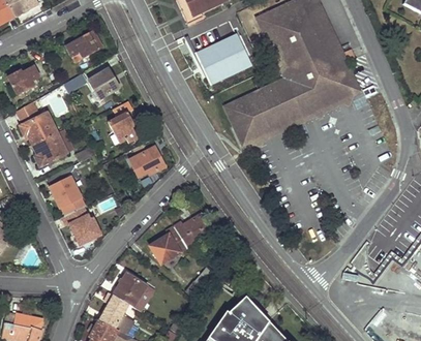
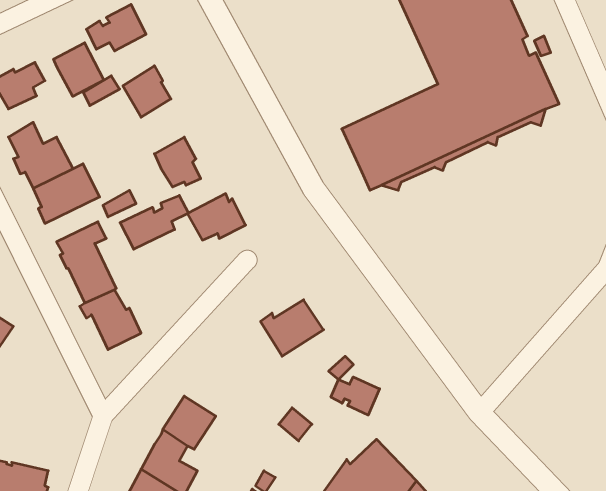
building: [197,33,251,84] -> none
building: none -> [54,43,104,96]
building: none -> [120,195,188,249]
building: [149,225,187,264] -> none
building: none -> [331,377,380,415]

